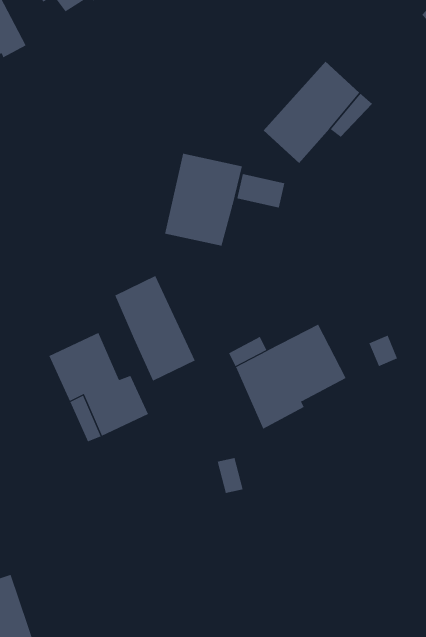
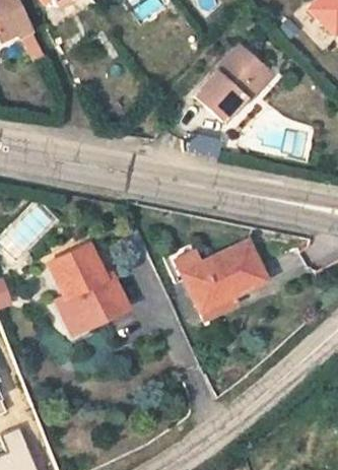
building: [164,153,242,247] -> none
building: [114,275,196,381] -> none

